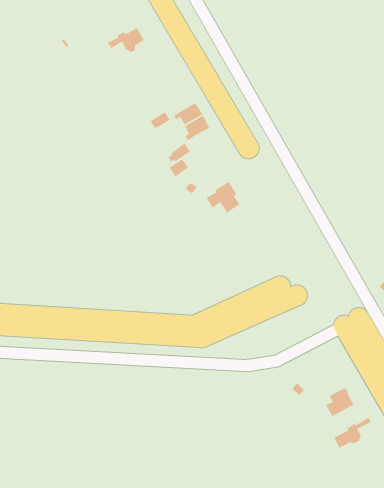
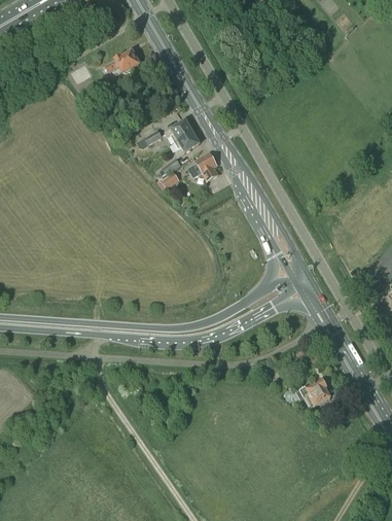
building: [205,181,240,213] -> [187,151,219,181]
building: [333,416,372,449] -> none

